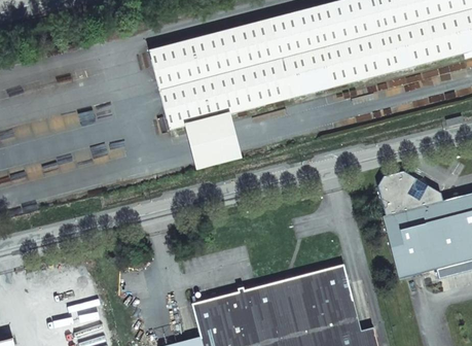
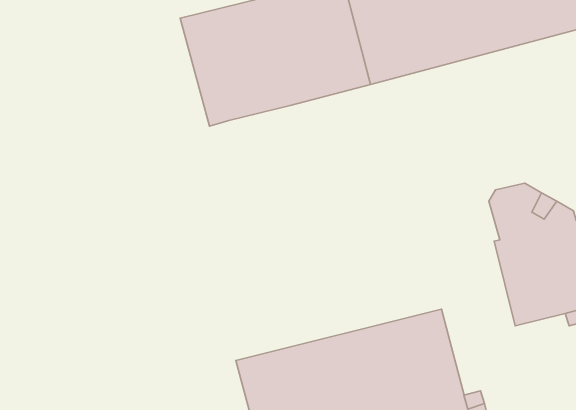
building: [186,112,244,169] -> none

